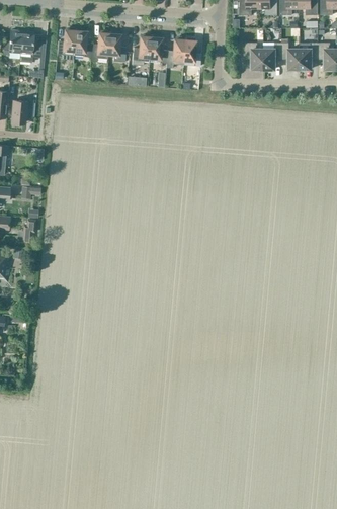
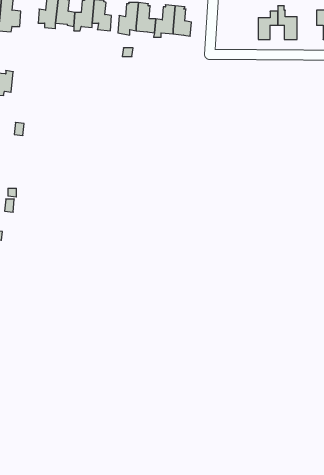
building: [301,41,319,69] -> none
building: [246,43,264,69] -> none

